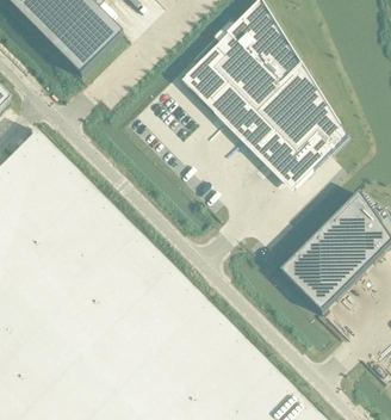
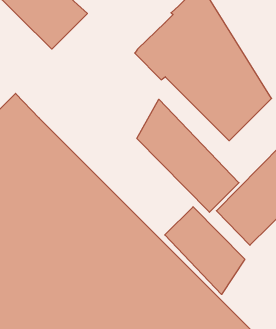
building: none -> [137,99,239,212]
building: none -> [165,207,245,294]

